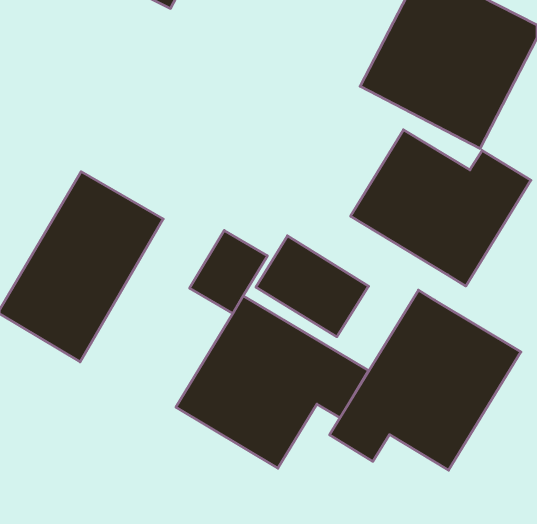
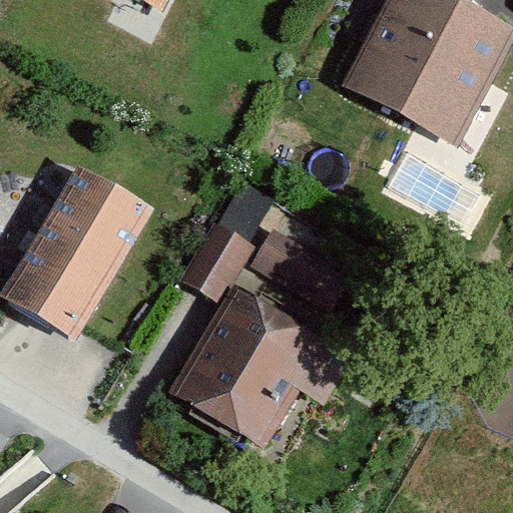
building: [351,130,531,286] -> none
building: [330,290,521,470] -> none

